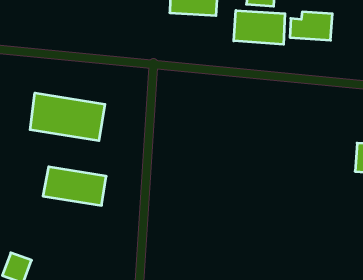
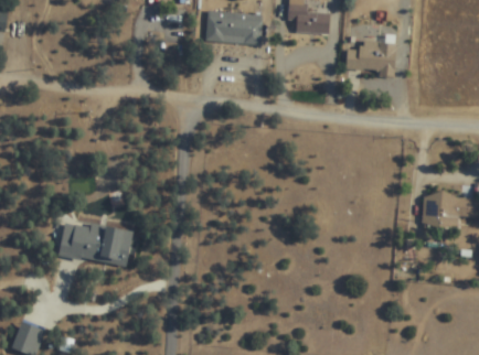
building: [234,10,285,44] -> none
building: [30,93,105,141] -> none

